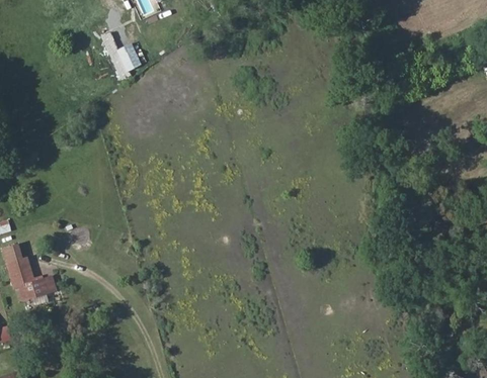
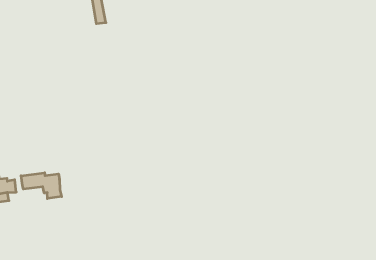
building: none -> [21,173,62,199]

